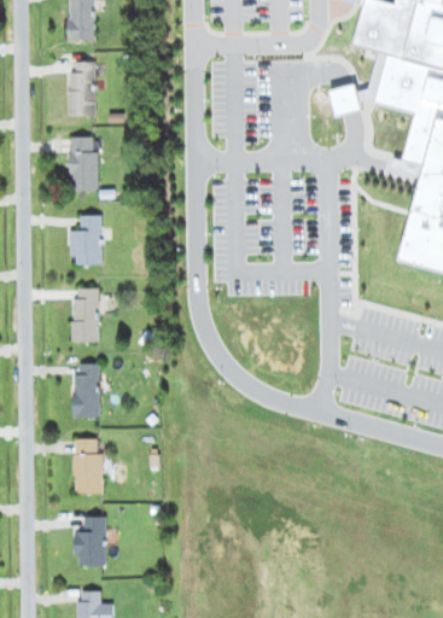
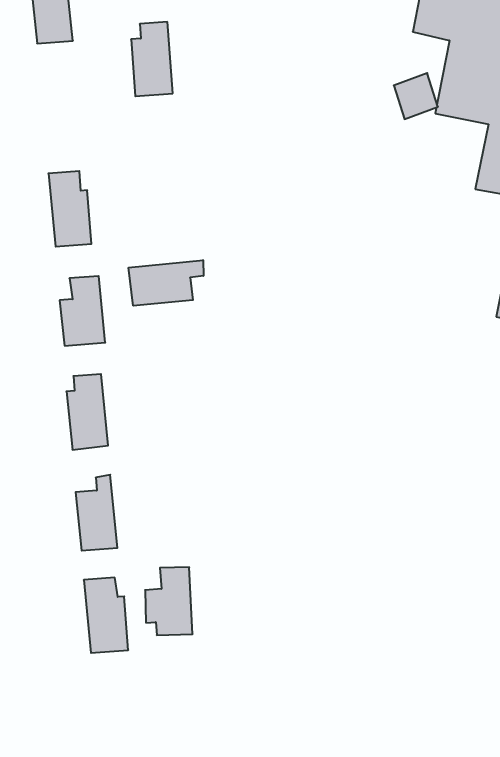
building: [68,60,95,113] -> [131,22,173,96]
building: none -> [129,260,203,306]
building: [71,514,106,565] -> [145,567,193,635]

